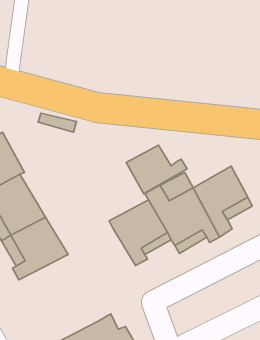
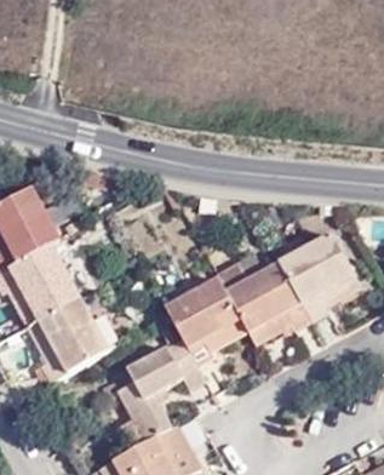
building: [126,145,187,194] -> none
building: none -> [125,336,211,437]

